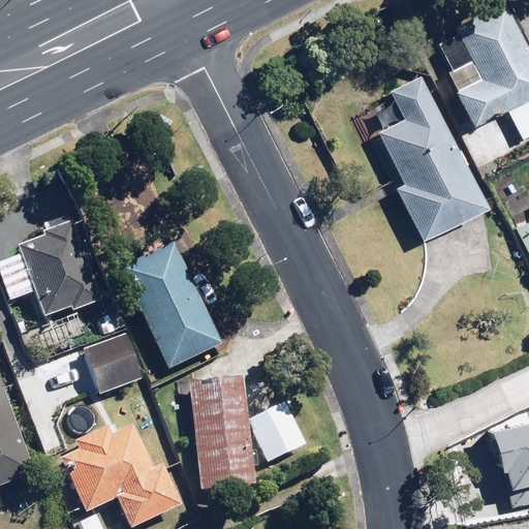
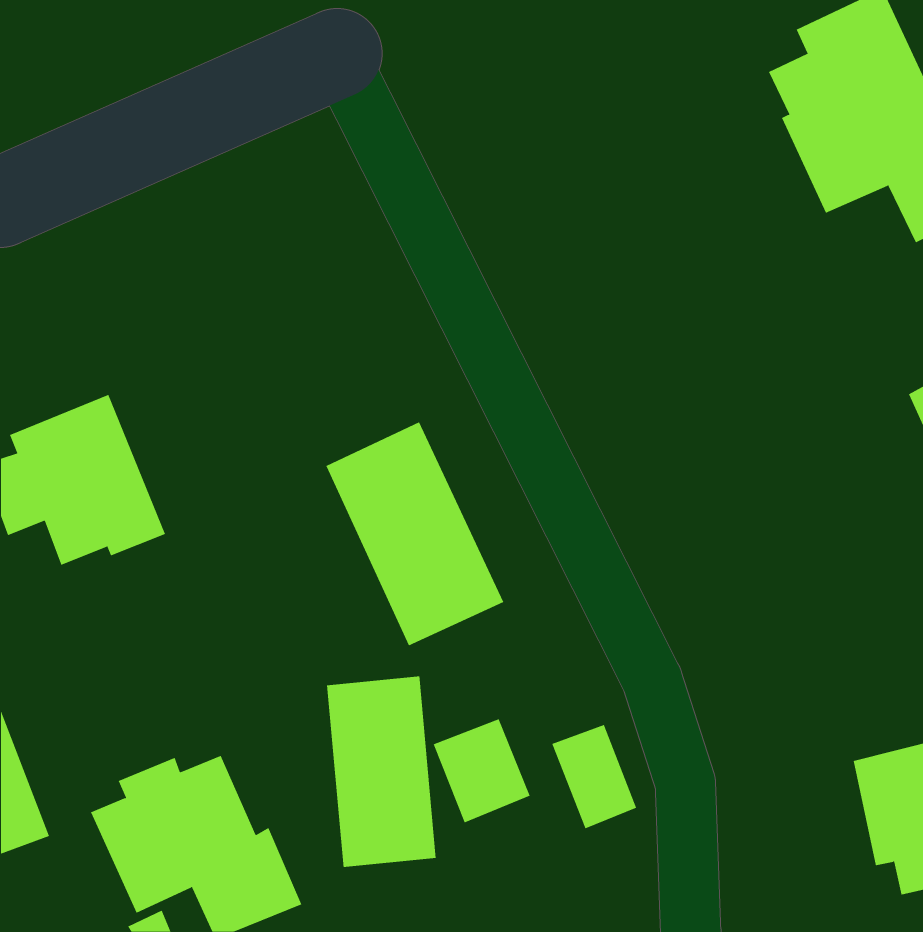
building: [377,73,484,236] -> none
building: [123,244,223,370] -> [326,422,504,646]
building: [84,333,143,395] -> none
building: none -> [551,724,637,829]

